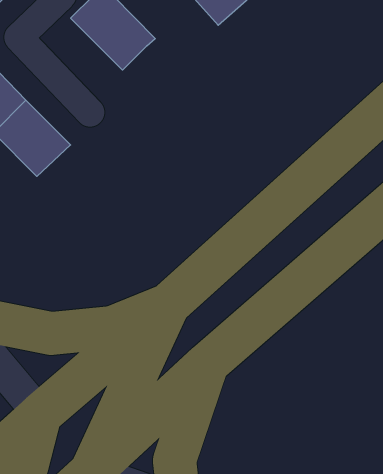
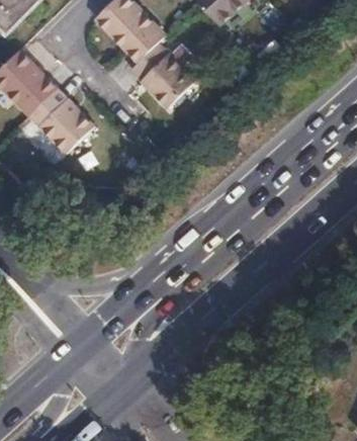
building: none -> [130,40,195,106]

